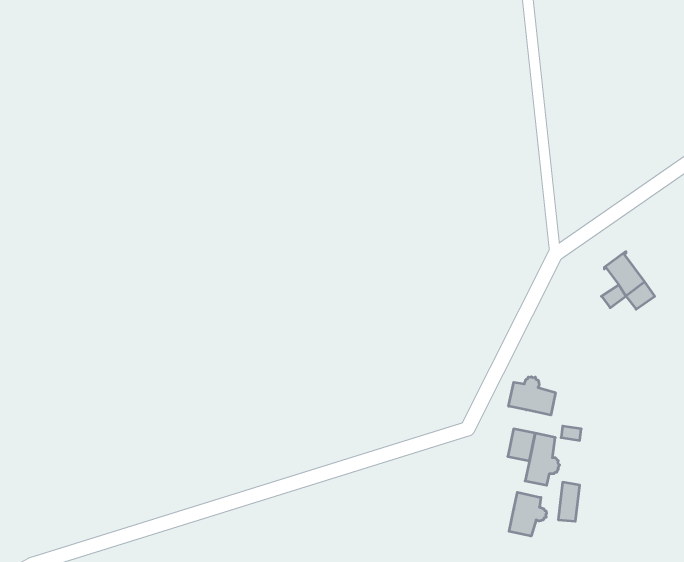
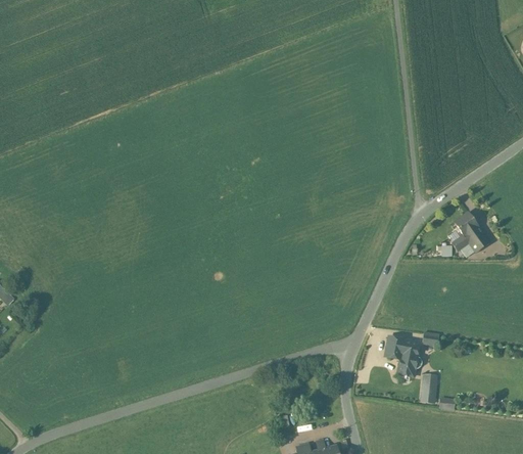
building: [509,377,555,415] -> none
building: [509,492,546,536] -> none

